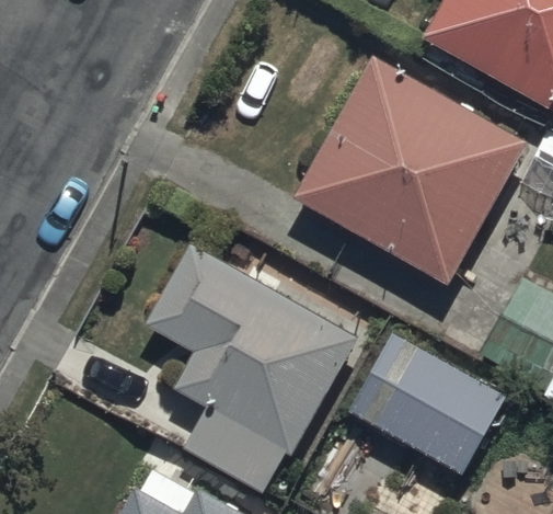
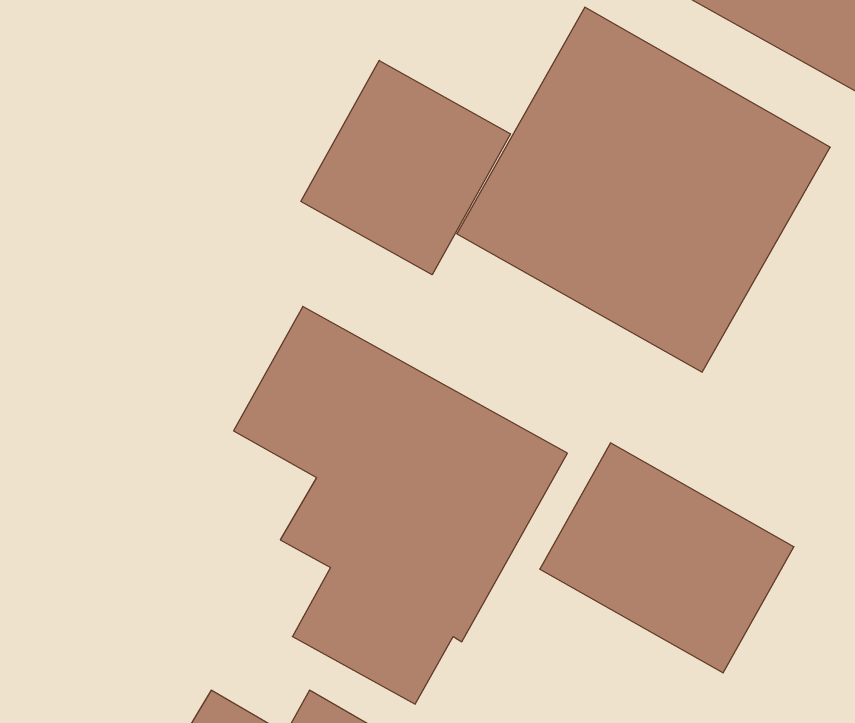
building: none -> [301,60,510,275]

